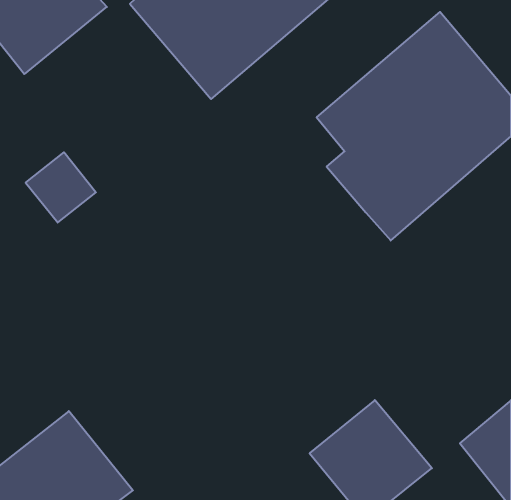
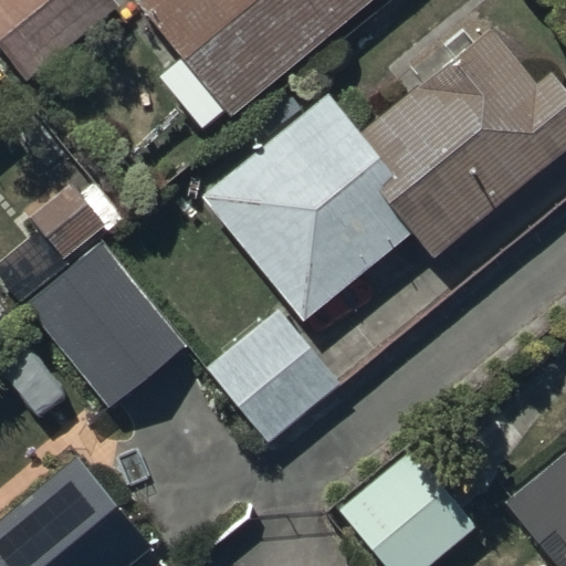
building: none -> [209,101,403,315]
building: none -> [24,243,184,407]
building: none -> [207,311,342,444]

